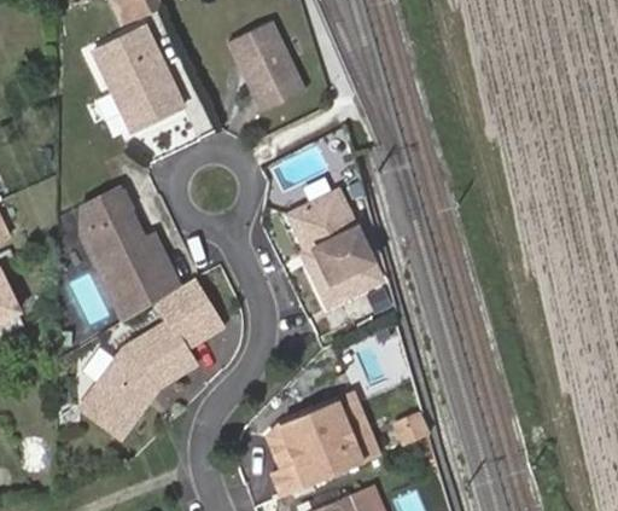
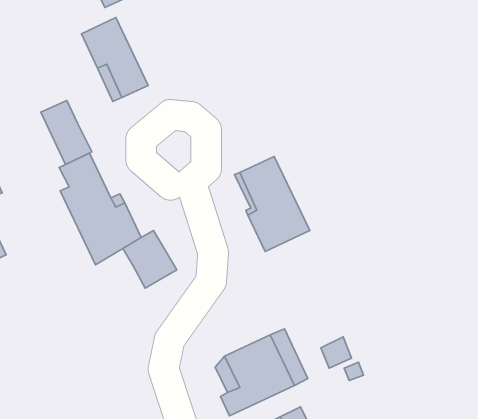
building: [228,17,304,109] -> none
building: none -> [41,101,92,164]
building: [81,320,193,435] -> none

